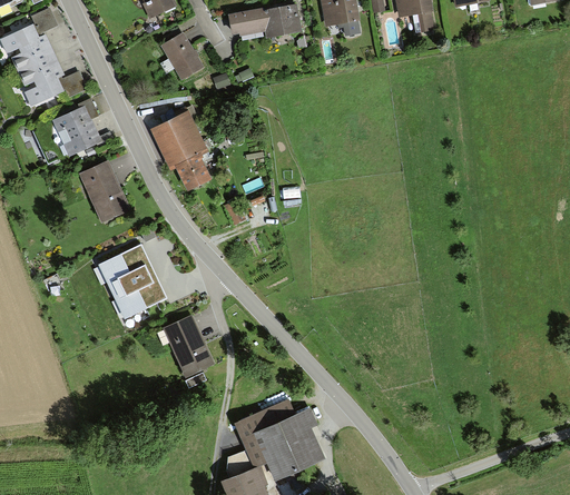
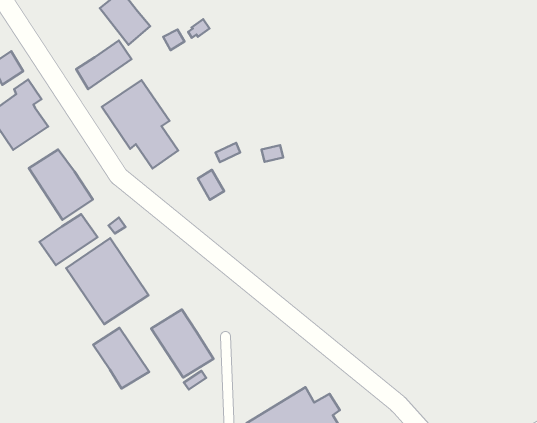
building: none -> [76,40,132,89]
building: none -> [39,214,97,265]
building: none -> [93,328,149,388]

